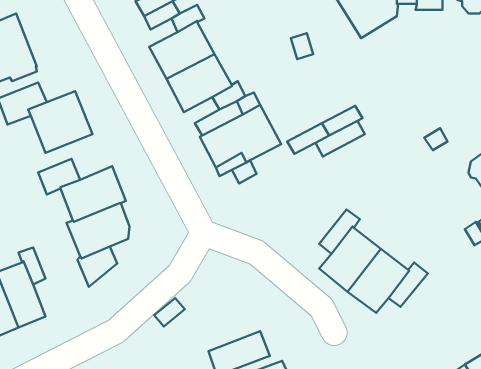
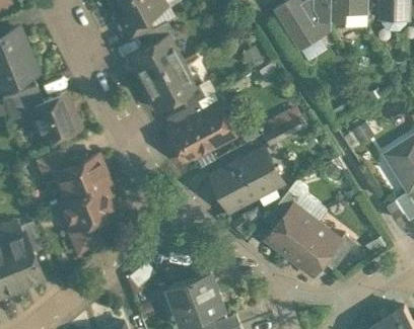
building: none -> [213,150,280,210]
building: none -> [169,269,219,306]

